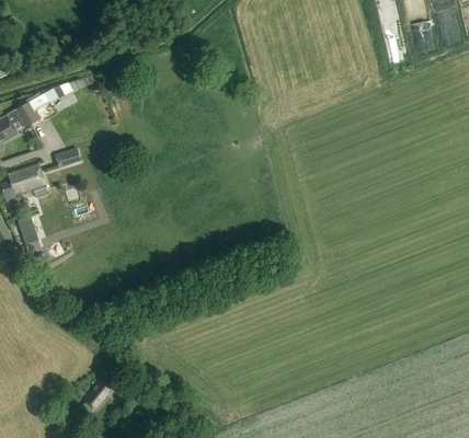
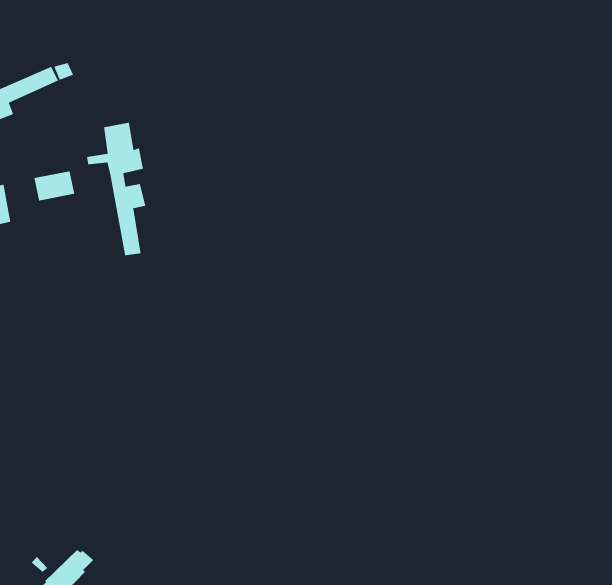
building: none -> [86,122,146,256]

